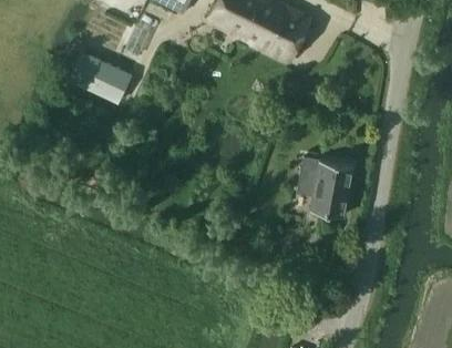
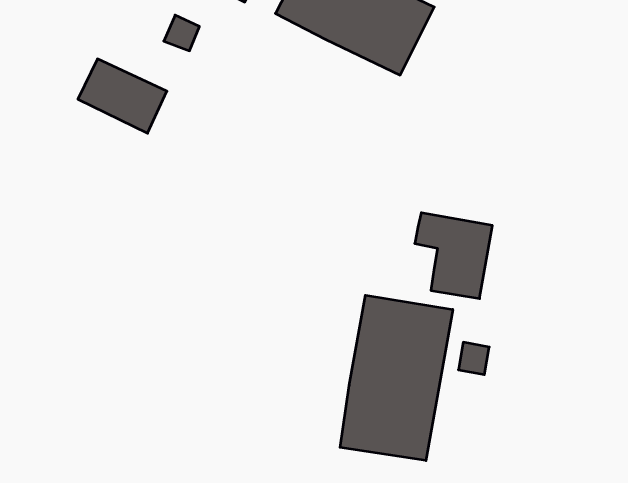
building: none -> [340,295,453,461]

